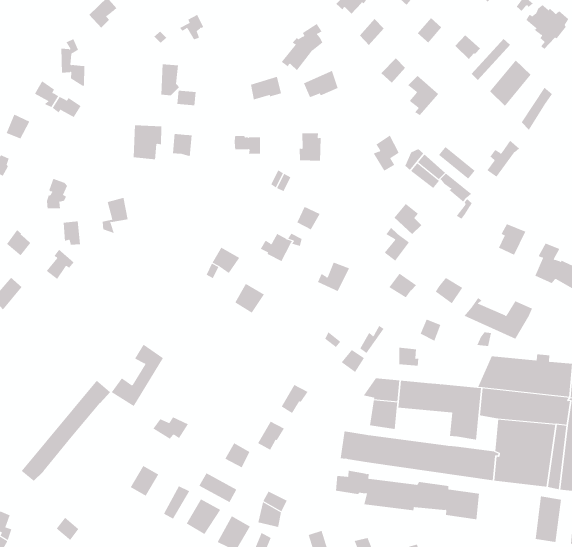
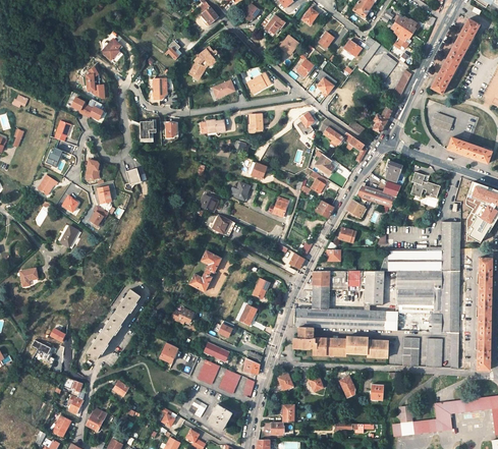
building: [281,23,323,71] -> [188,48,215,80]
building: [464,297,533,340] -> [354,182,399,208]
building: [111,344,164,407] -> [188,250,221,292]
building: none -> [403,338,420,367]

